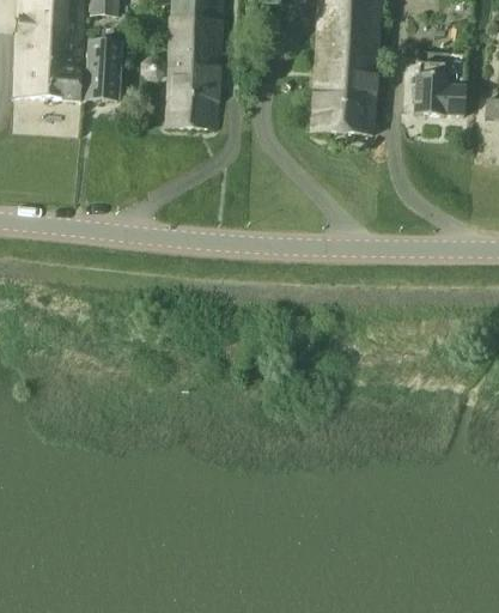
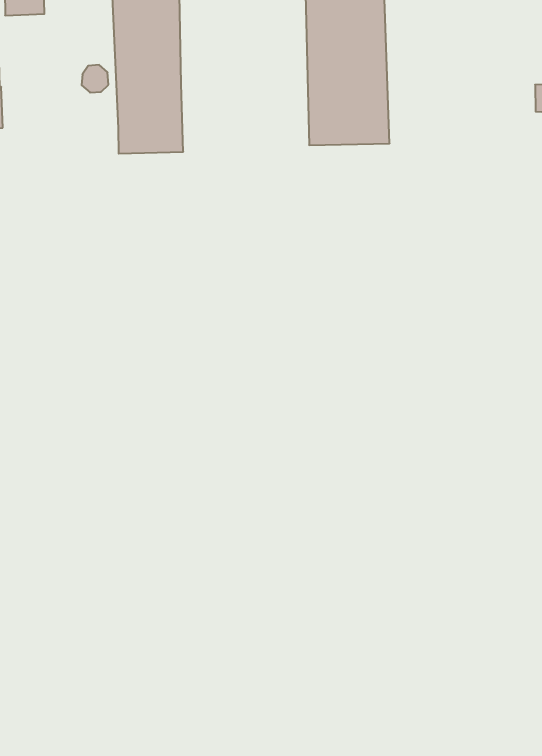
building: [86,26,121,98] -> none
building: [413,59,465,113] -> none

